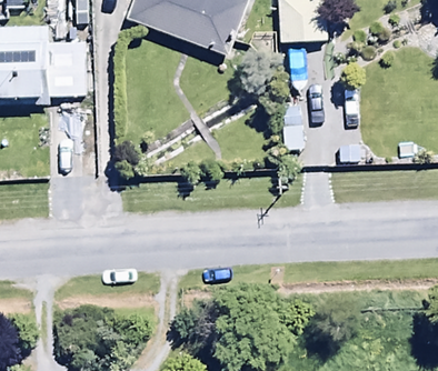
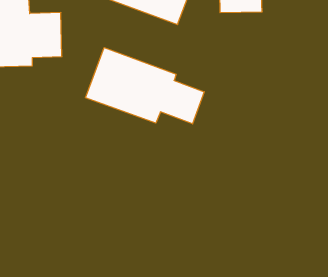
building: none -> [86,48,204,124]

